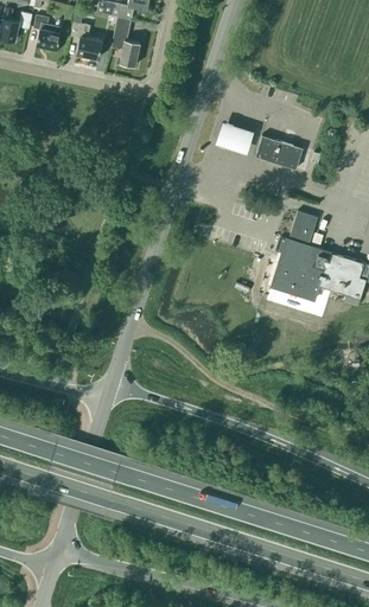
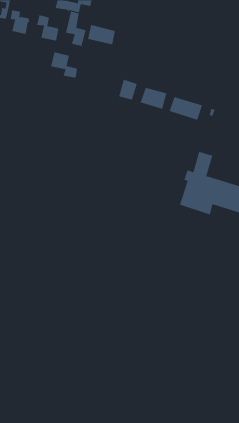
building: none -> [88,24,115,45]
building: none -> [51,51,78,79]
building: none -> [118,79,138,100]

